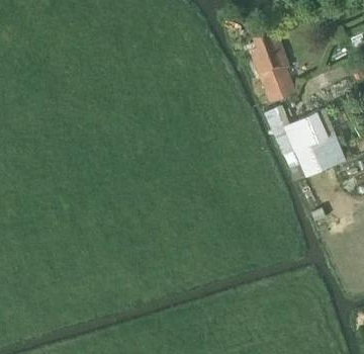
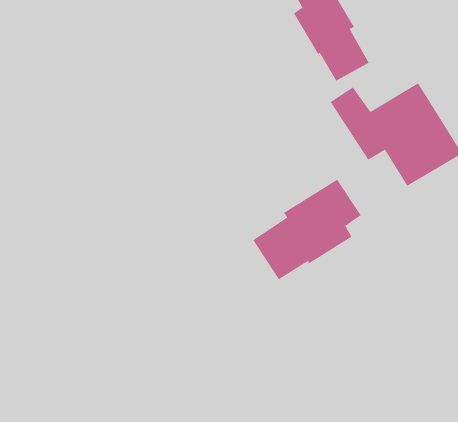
building: none -> [252,179,362,280]

